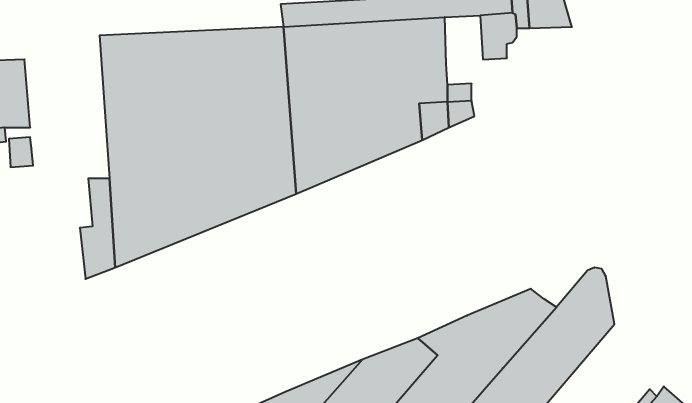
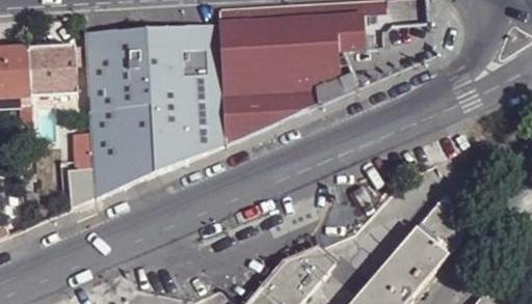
building: none -> [336,15,364,50]
building: none -> [27,44,76,96]

